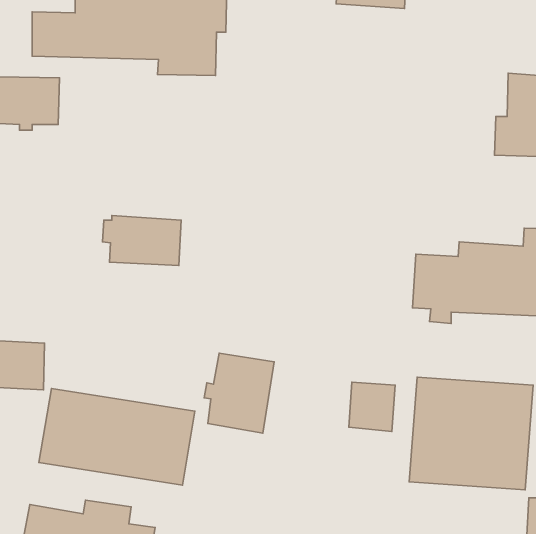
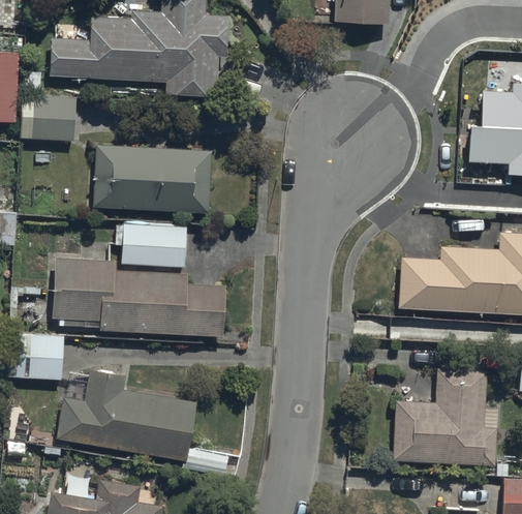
building: none -> [91,145,217,218]
building: none -> [51,258,224,335]
building: [204,353,274,433] -> none
building: [349,382,395,431] -> none

